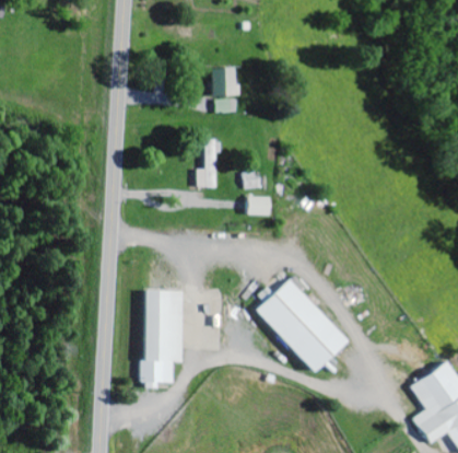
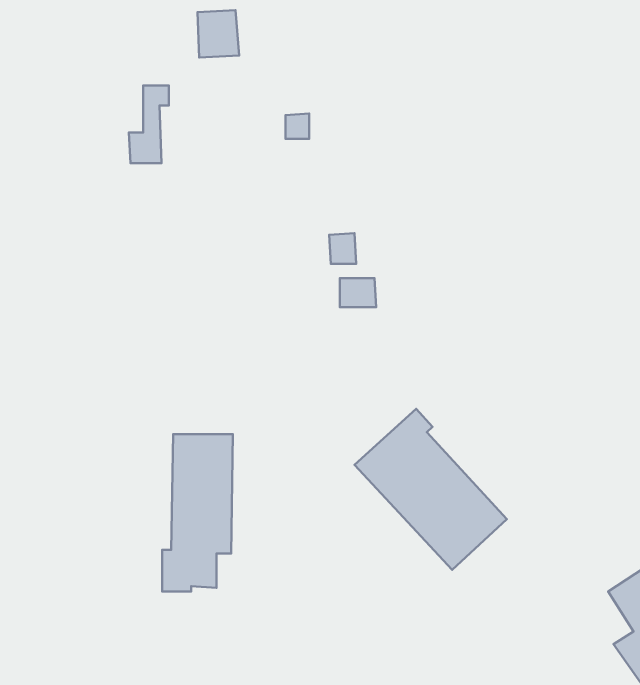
building: [211,68,236,96] -> [197,10,239,57]
building: [196,140,220,187] -> [129,85,169,163]

